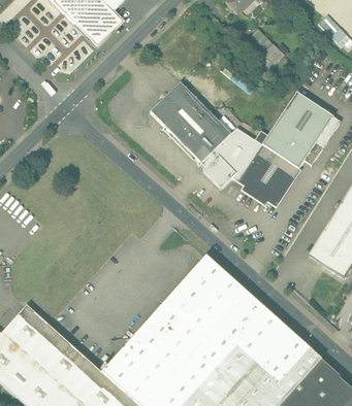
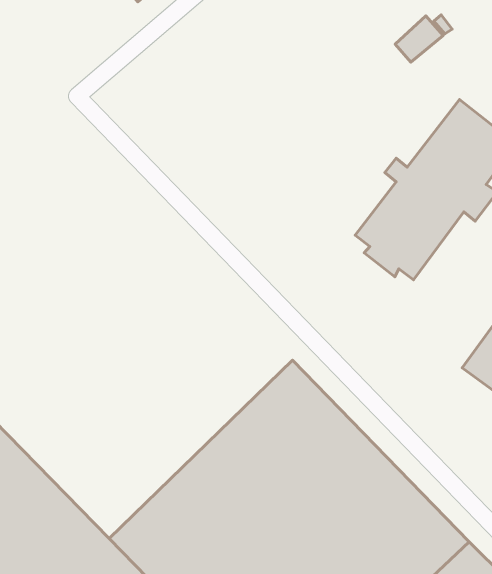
building: [150,82,261,188] -> none

